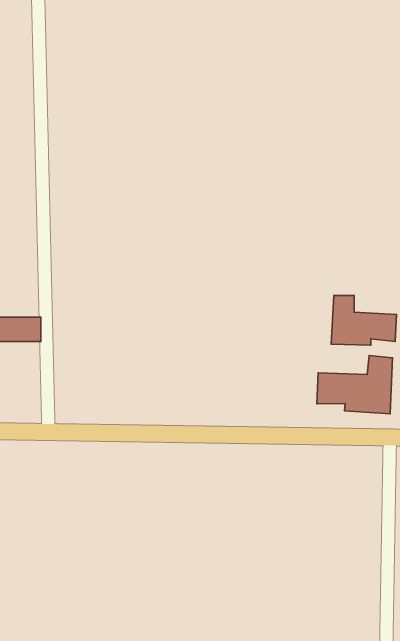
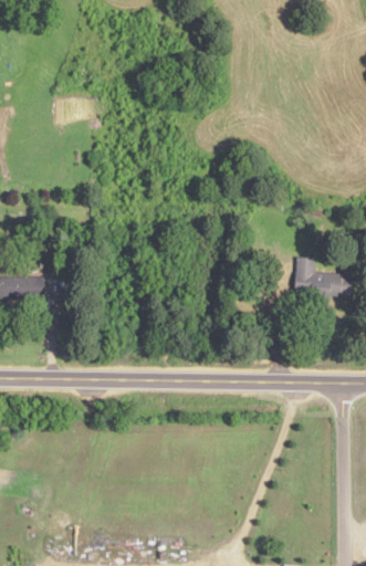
building: [317,356,393,414] -> none

